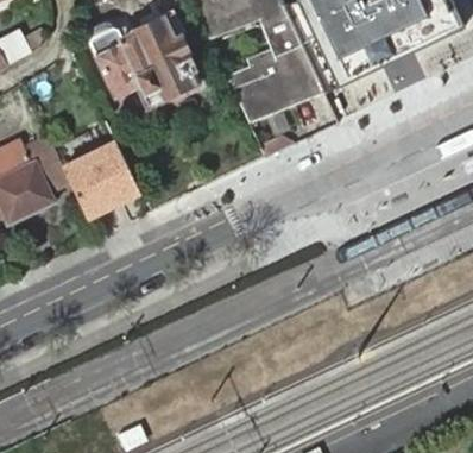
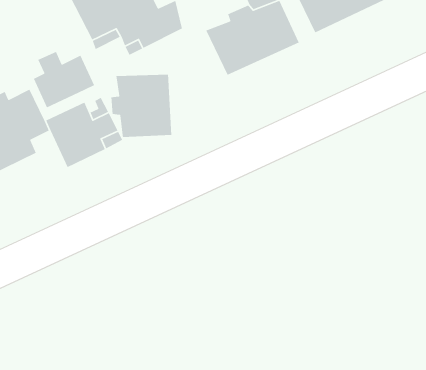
building: none -> [33,51,95,109]
building: none -> [111,74,172,138]

